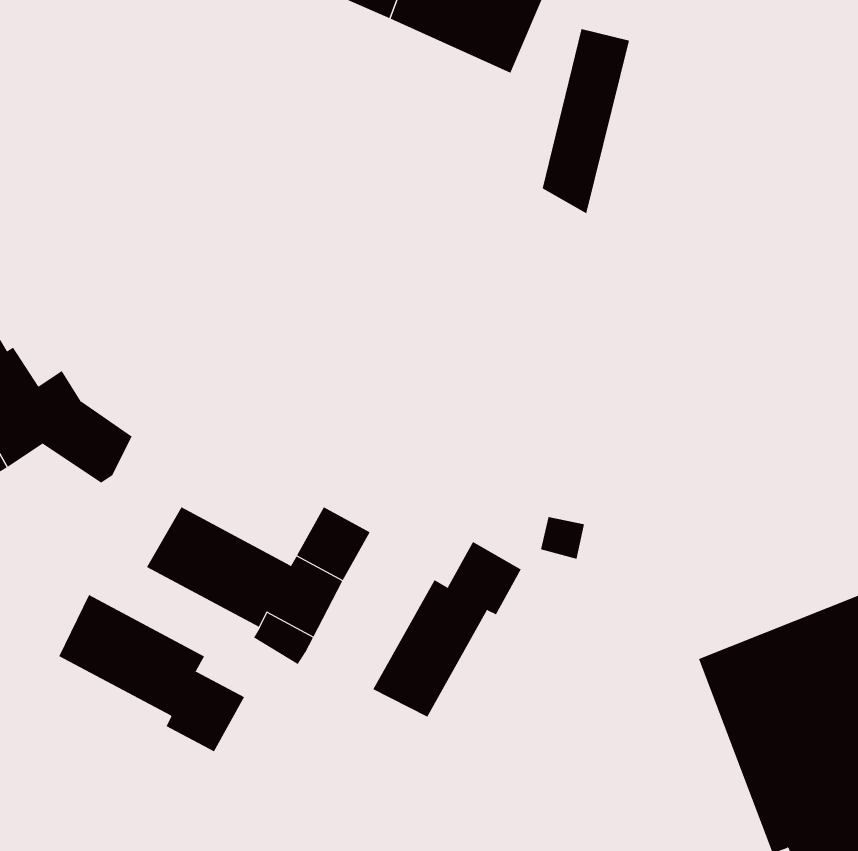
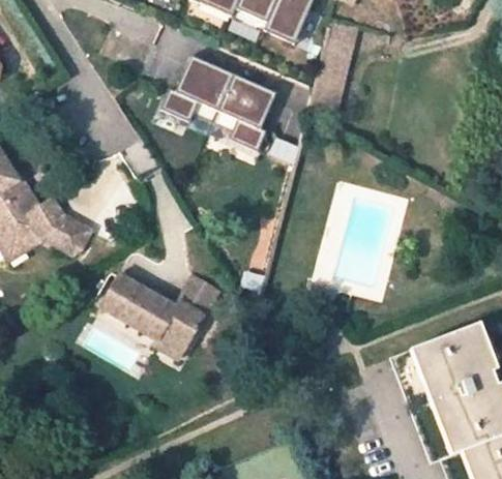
building: none -> [159,51,276,149]
building: [373,541,522,717] -> none
building: [58,594,245,752] -> none

